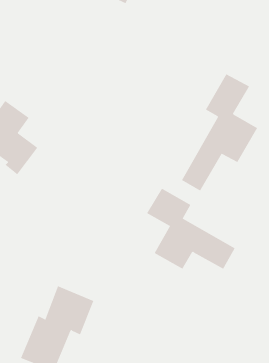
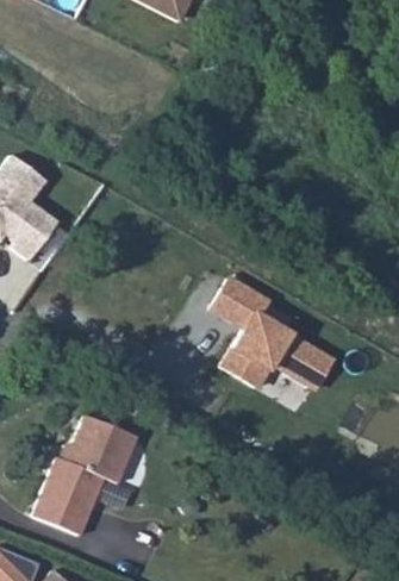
building: [181,73,258,192] -> none

